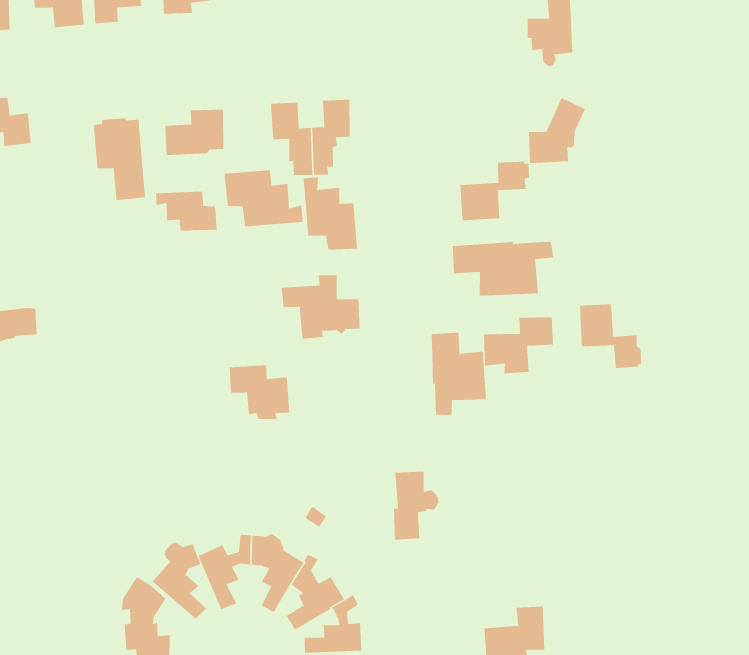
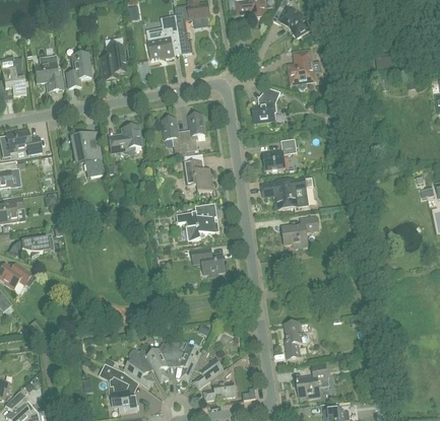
building: [528,97,586,164] -> [252,86,280,122]
building: [224,170,303,227] -> none
building: [156,191,217,231] -> none
building: [580,304,642,369] -> none
building: [431,332,486,416] -> none
building: [229,365,290,420] -> [191,247,225,275]
building: [393,471,439,540] -> [284,322,308,358]

